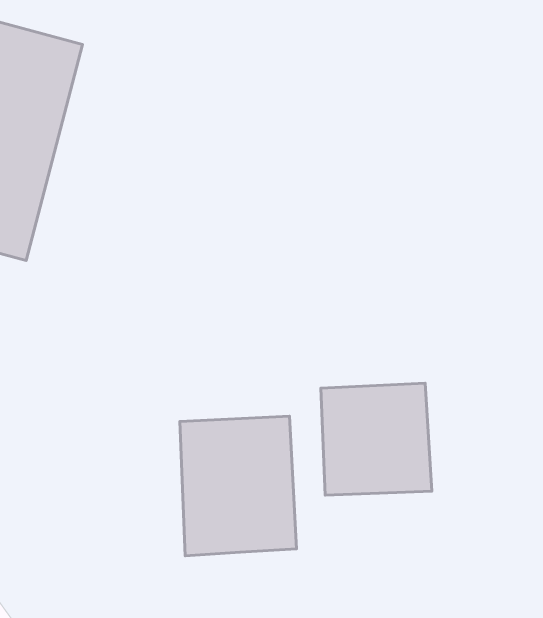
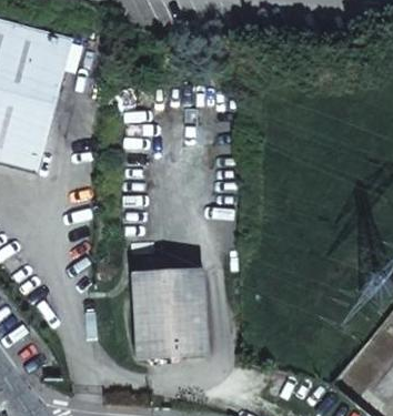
building: [321,383,432,495] -> none

